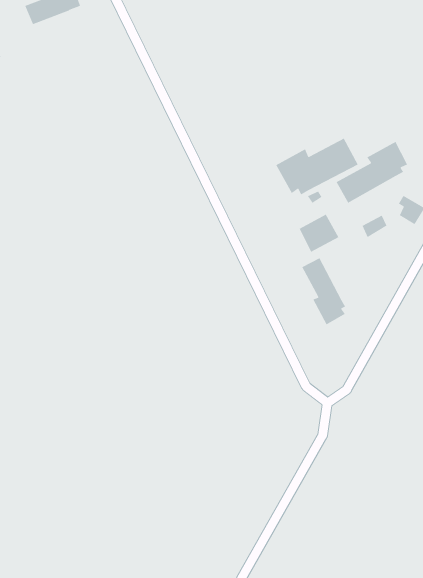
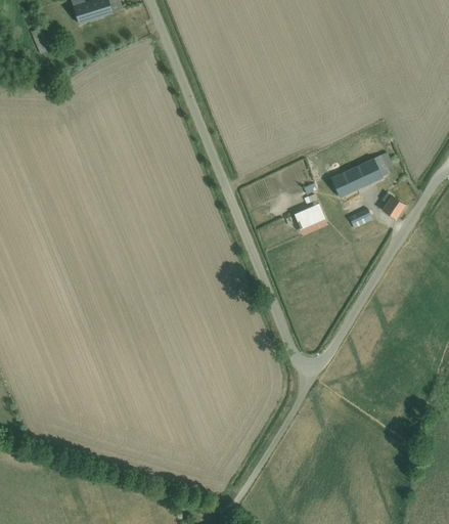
building: [275,137,359,195] -> none
building: [301,257,346,325] -> none

